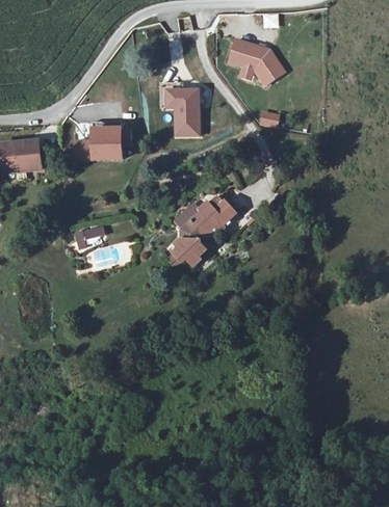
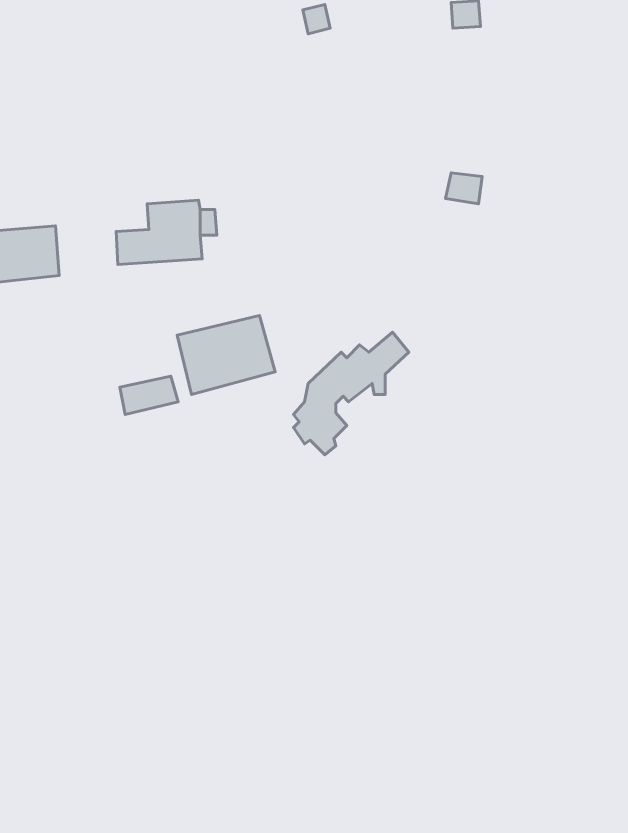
building: [227,39,283,85] -> none
building: [164,86,201,136] -> none
building: none -> [177,315,275,394]

